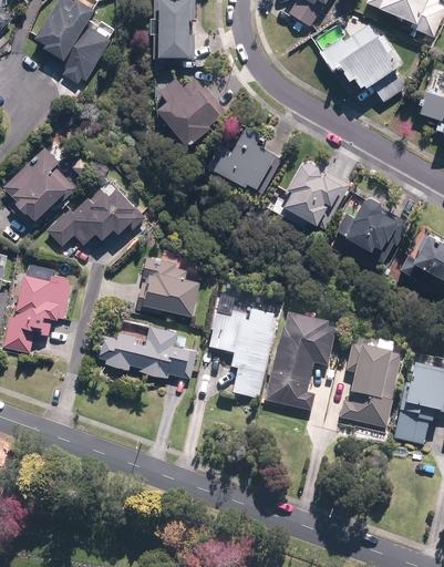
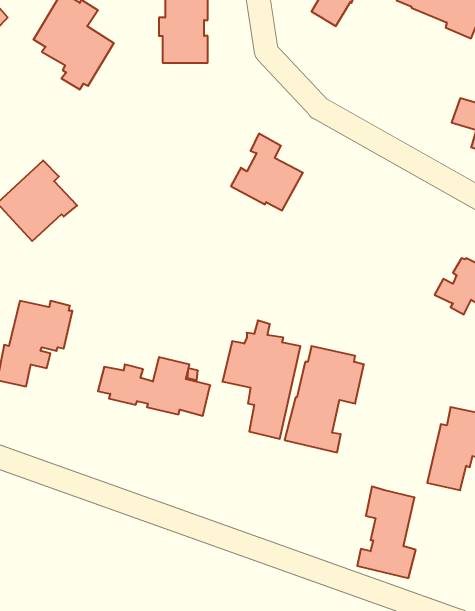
building: [320,23,405,100] -> none
building: [156,76,224,146] -> none
building: [282,162,349,227] -> none
building: [47,186,145,245] -> none
building: [345,197,409,260] -> none
building: [136,255,199,317] -> none
building: [339,344,392,427] -> [357,486,416,578]

